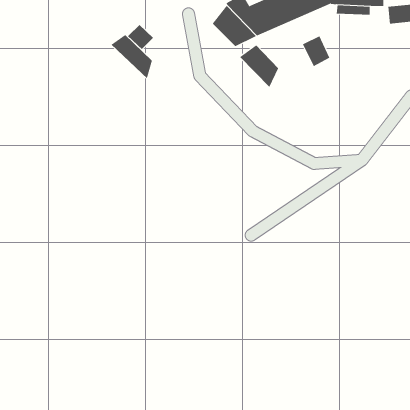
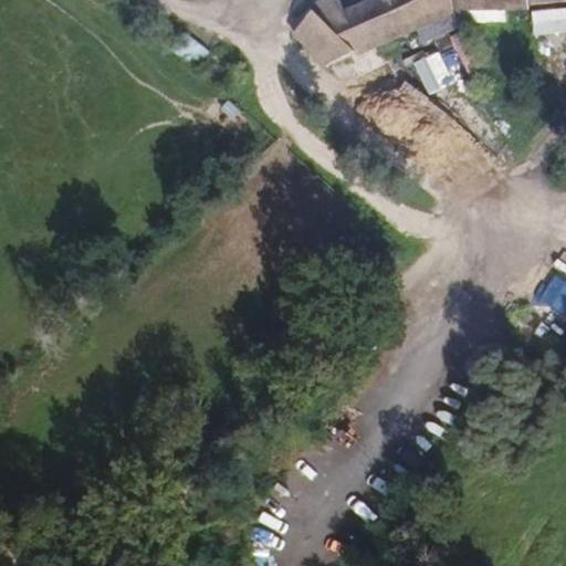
building: [110,34,153,79] -> none
building: [239,45,279,88] -> none

